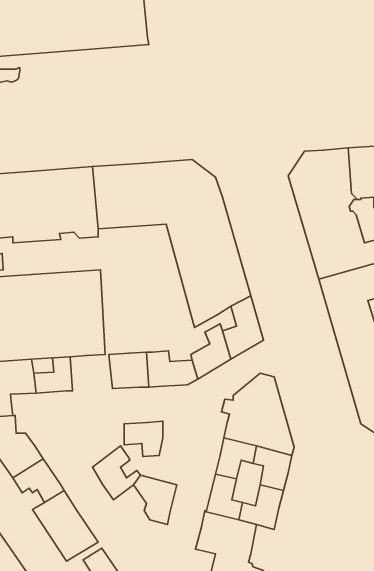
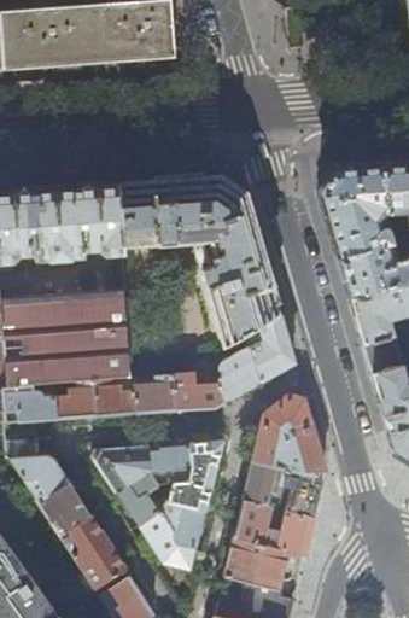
building: none -> [95,378,139,414]
building: none -> [156,444,221,511]
building: none -> [94,448,151,492]
building: none -> [140,511,195,571]

